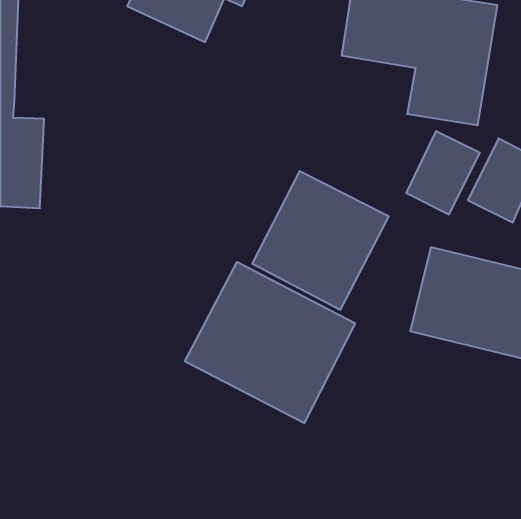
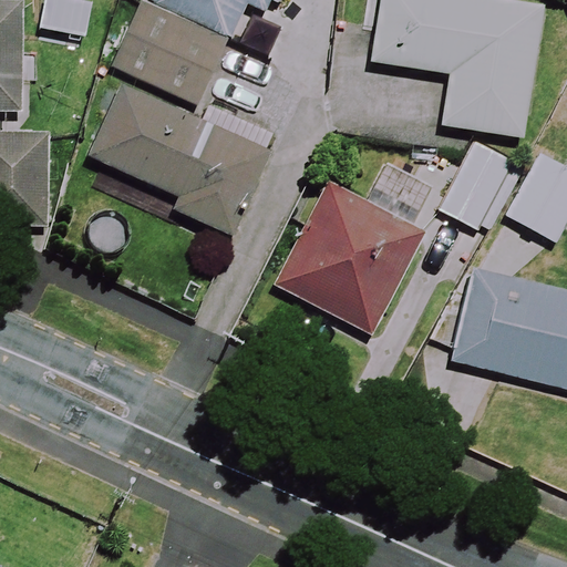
building: none -> [114,7,225,102]
building: none -> [91,85,268,234]
building: [185,262,355,423] -> none

